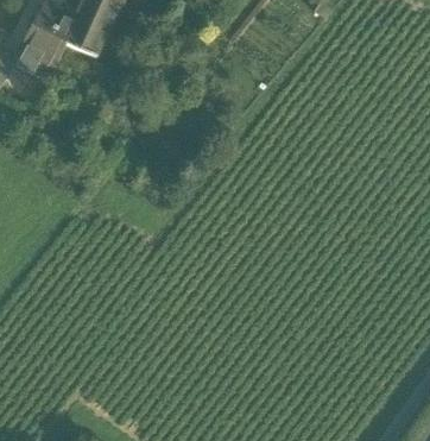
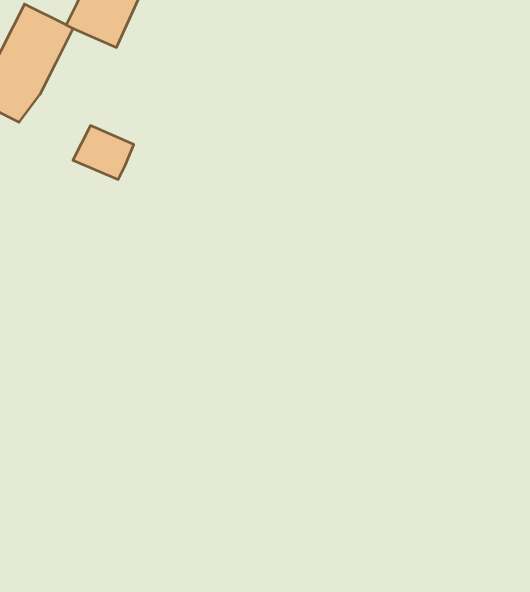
building: [68,23,109,59] -> [73,126,134,179]

